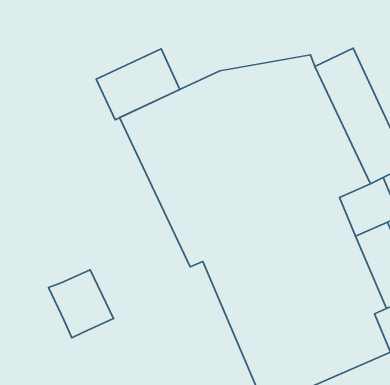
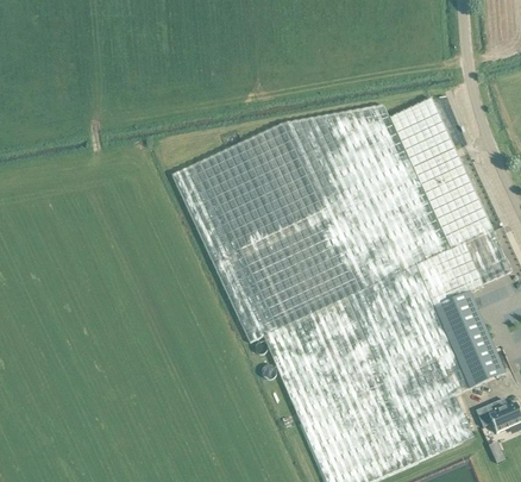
building: [96,49,180,120] -> none
building: [48,270,113,338] -> none

